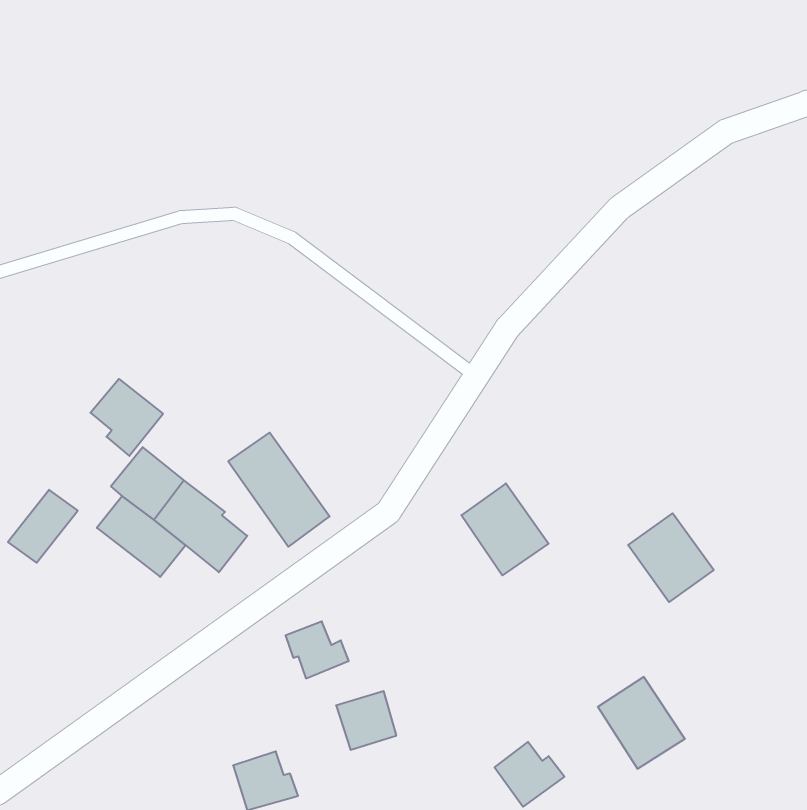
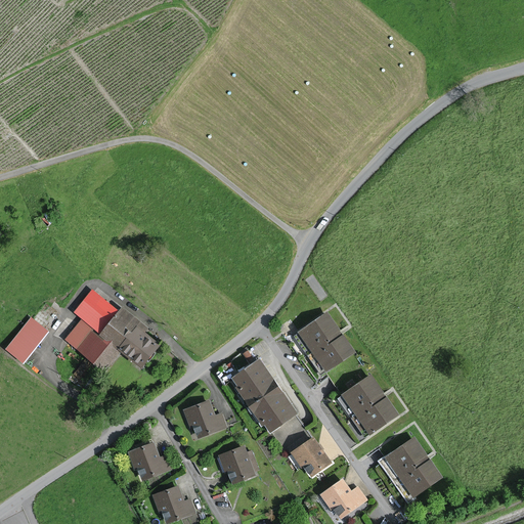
building: [90,379,163,456] -> none
building: [228,433,330,547] -> [232,359,298,433]
building: [628,513,714,602] -> [341,377,396,434]
building: none -> [290,437,330,479]
building: none -> [133,443,164,479]

